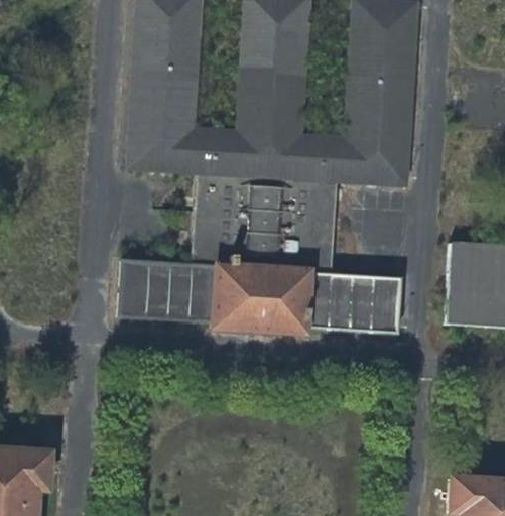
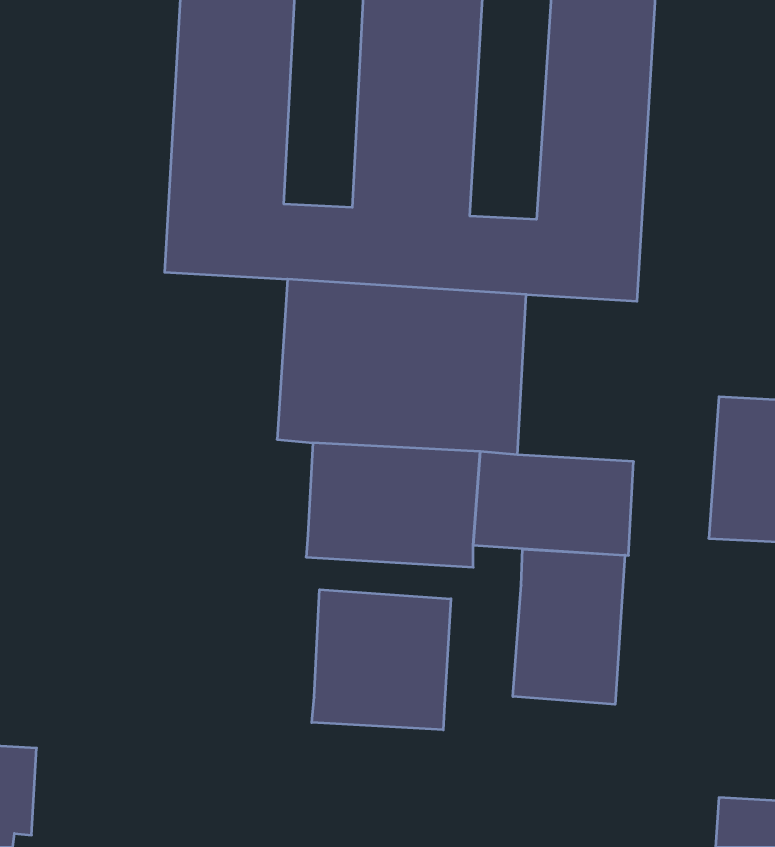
building: [118,261,212,321] -> none
building: none -> [513,549,625,704]
building: none -> [312,590,451,730]

